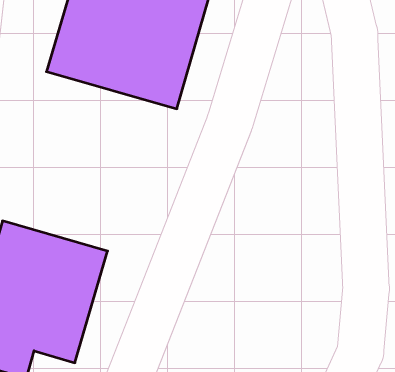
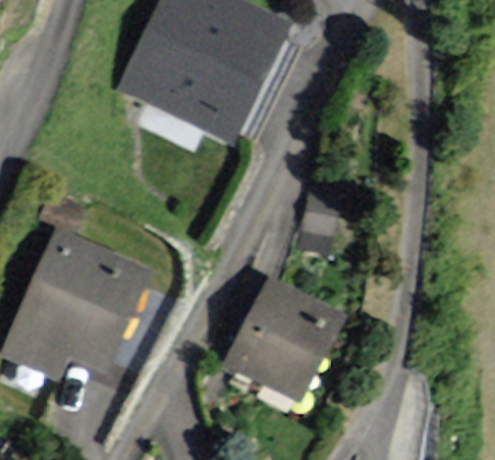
building: none -> [225,277,345,402]

